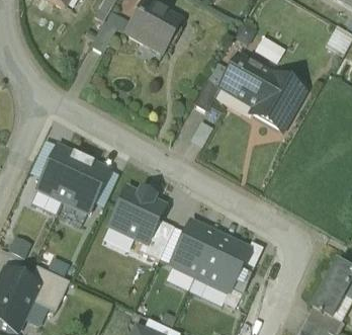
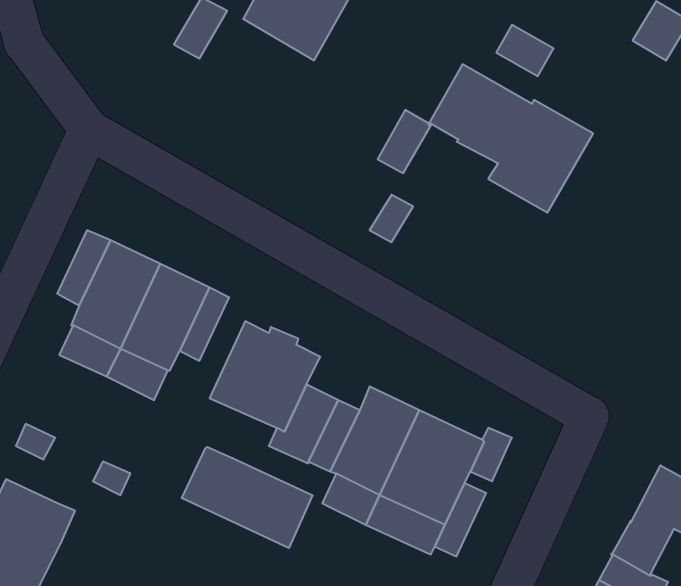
building: none -> [182,447,313,548]
building: [30,264,69,310] -> none

